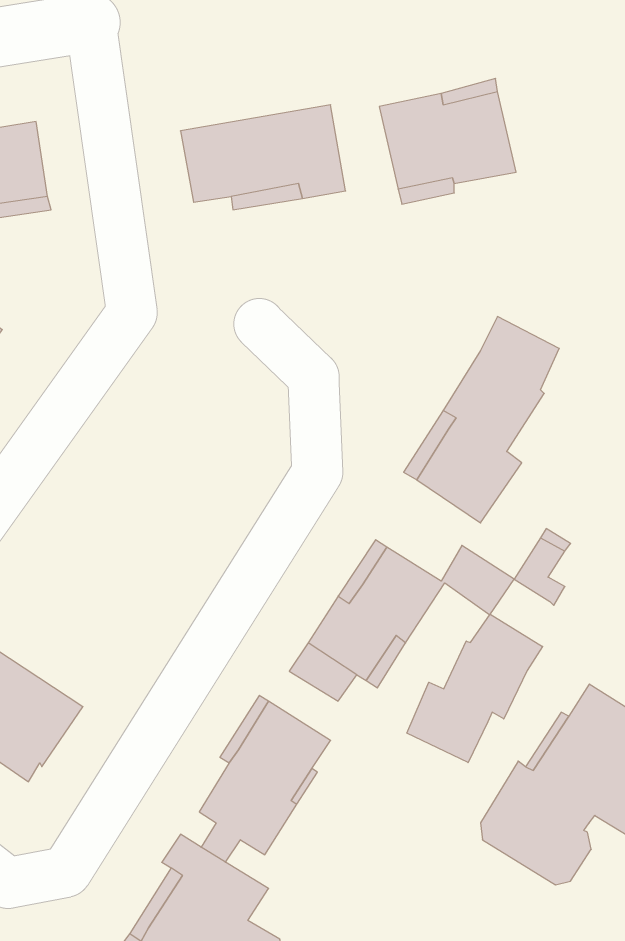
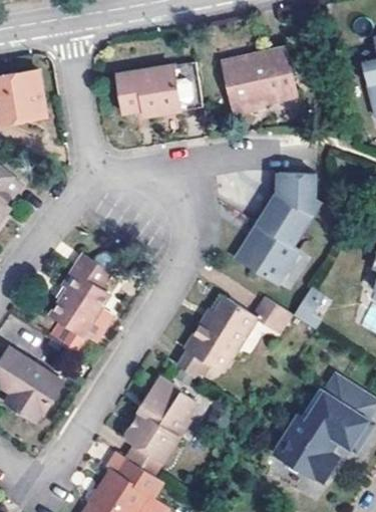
building: none -> [50,254,114,356]
building: [407,614,543,763] -> none

